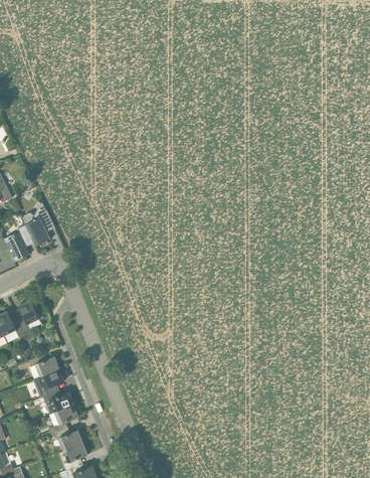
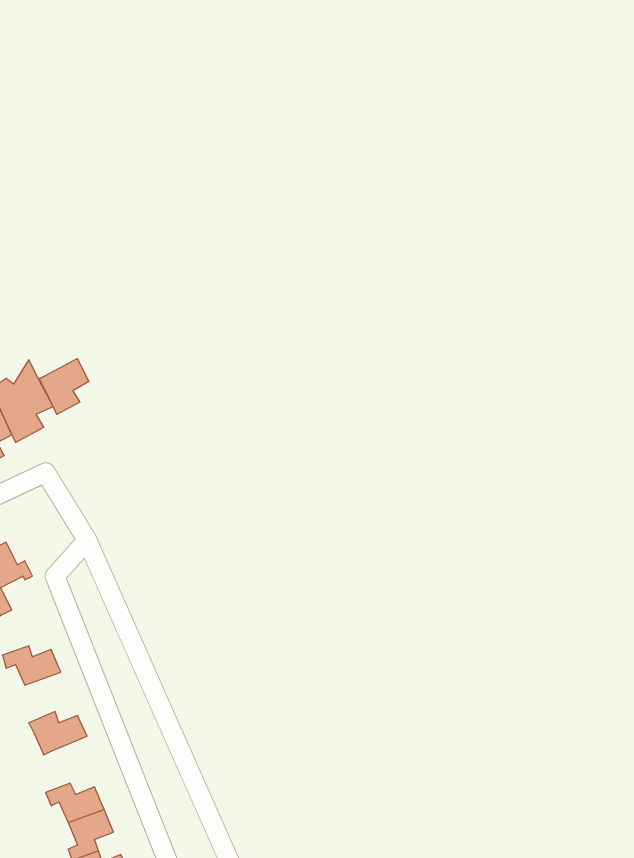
building: none -> [39,359,89,414]
building: [39,369,63,396] -> none
building: [48,404,77,434] -> none

